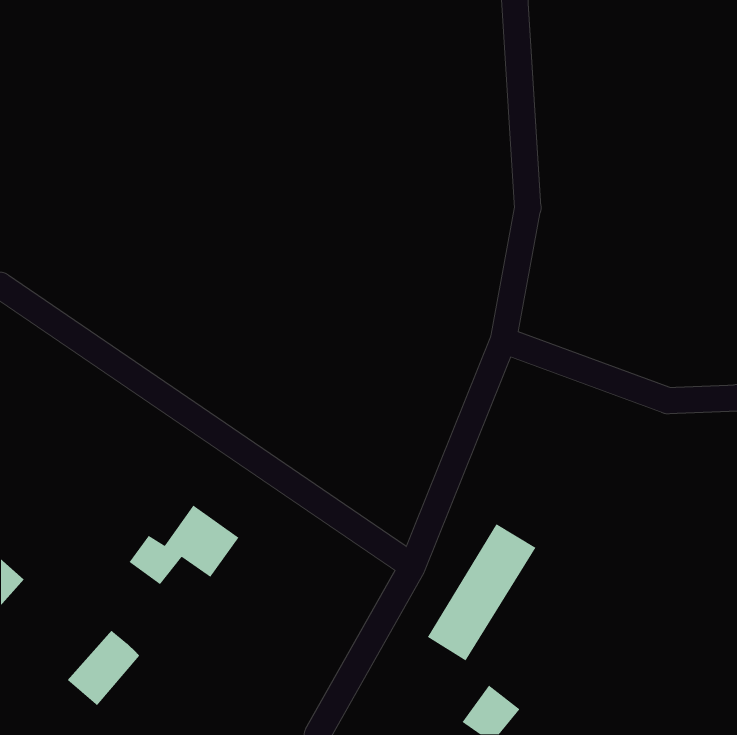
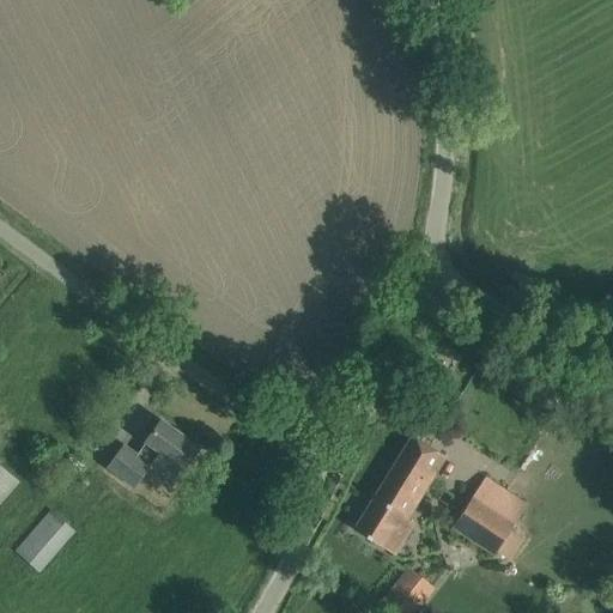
building: none -> [451,477,527,559]
building: [67,630,140,706] -> [13,509,74,572]

